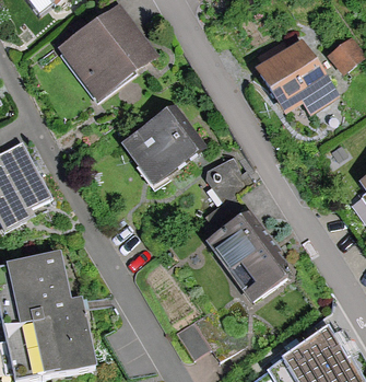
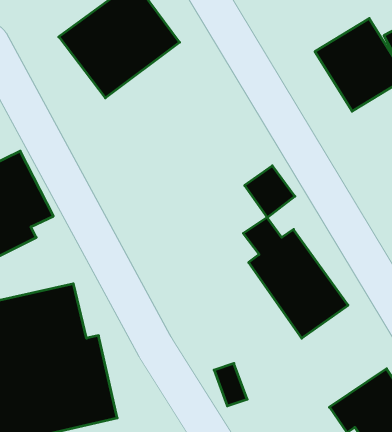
building: [115,113,194,190] -> none

